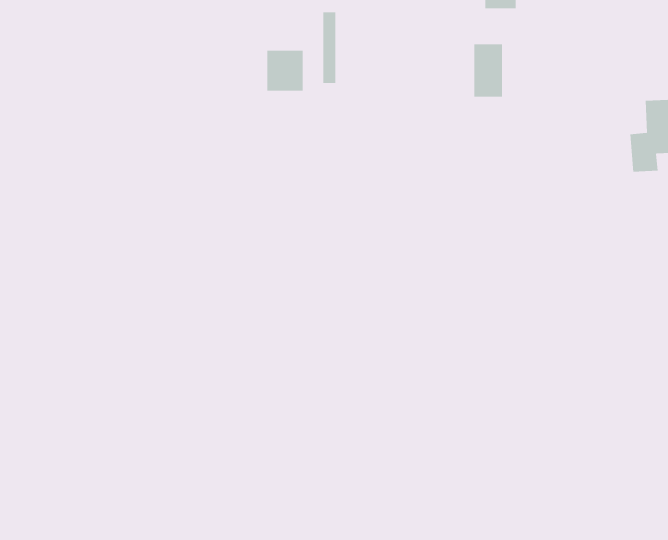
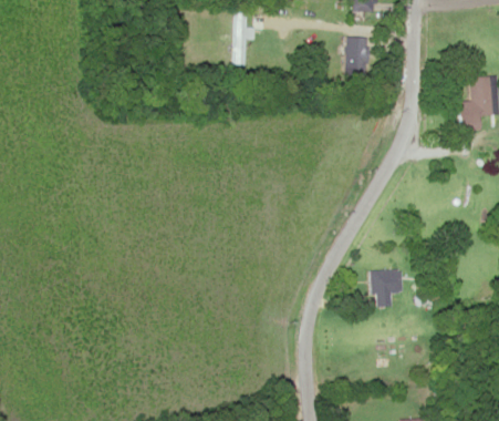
building: [267,50,303,91] -> none
building: none -> [373,270,402,307]

